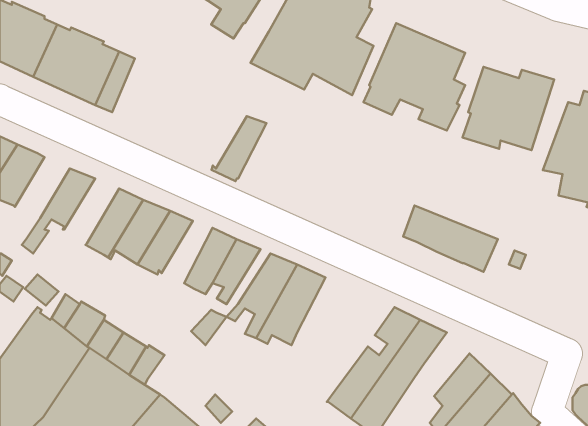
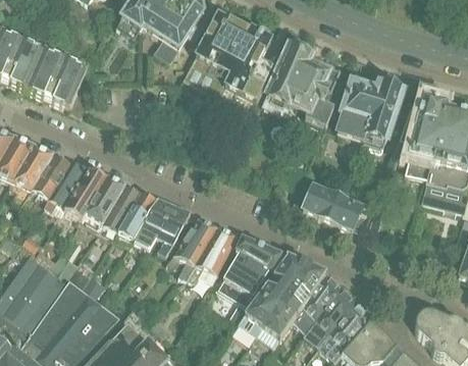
building: [211,116,267,181] -> [114,191,154,238]
building: none -> [7,145,51,204]
building: none -> [47,160,87,207]
building: none -> [216,233,279,300]
building: none -> [292,271,340,330]

